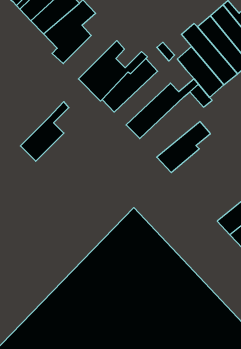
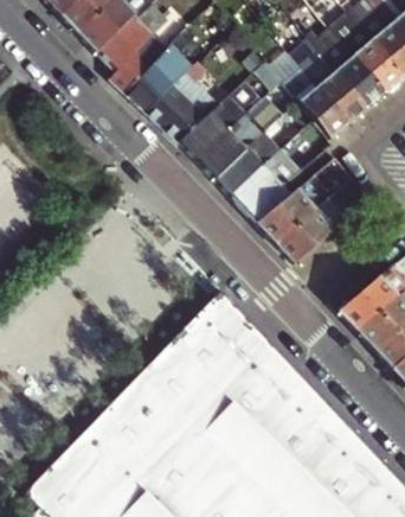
building: none -> [195,100,277,178]
building: none -> [231,139,311,223]
building: [20,102,69,161] -> [124,31,192,114]
building: none -> [275,198,347,263]

